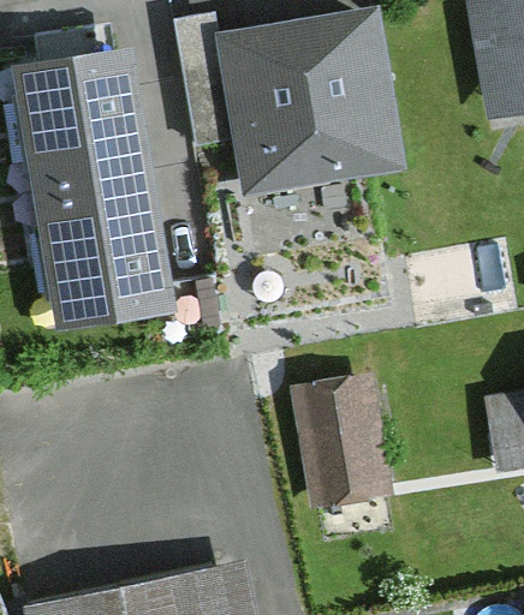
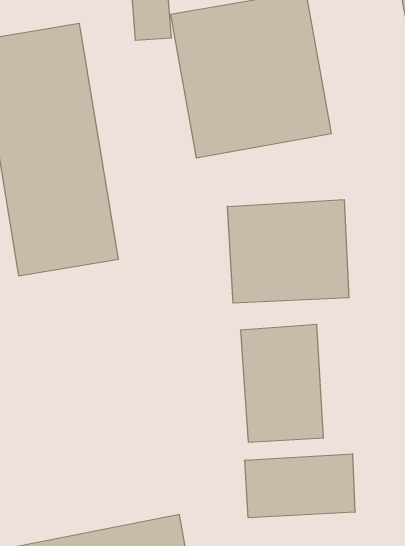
building: none -> [227,200,349,303]
building: none -> [245,454,355,518]

